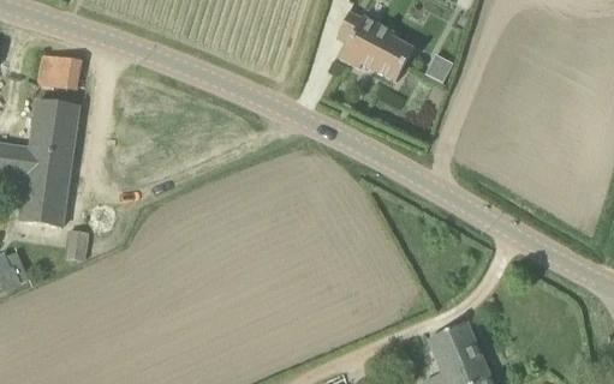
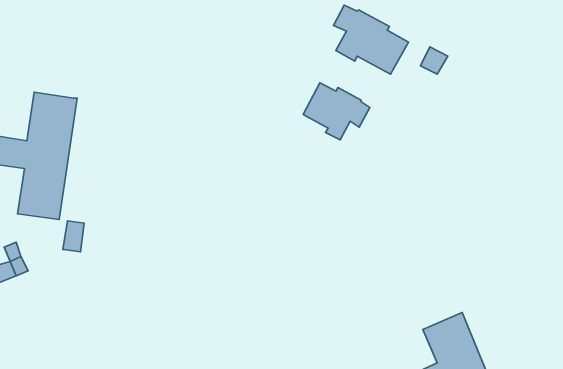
building: [37,53,84,88] -> none
building: none -> [303,83,370,140]

